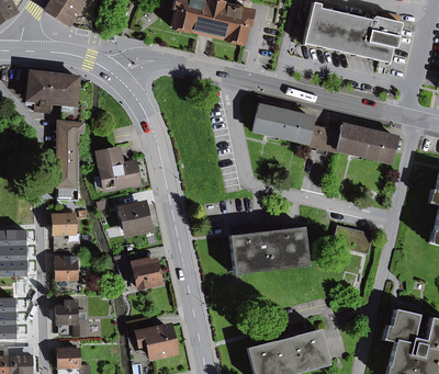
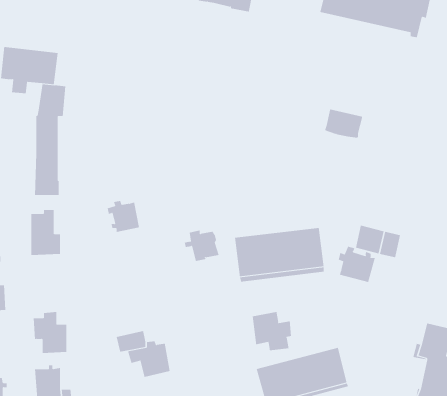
building: [254,105,313,139] -> none
building: [337,124,397,159] -> none
building: [97,148,138,190] -> none
building: none -> [338,246,376,283]
building: [56,256,82,293] -> none
building: [130,260,160,287] -> [184,230,219,262]
building: none -> [252,311,292,351]

